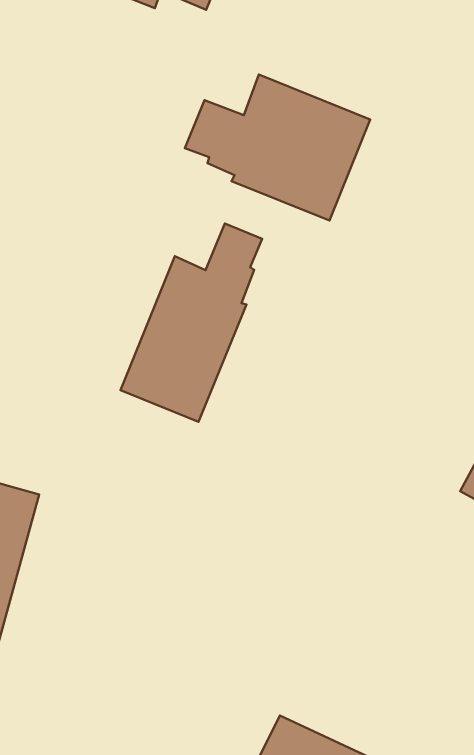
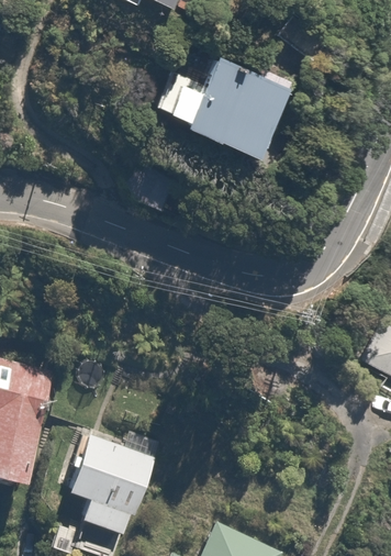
building: [121,224,262,422] -> none
building: none -> [68,420,158,540]

